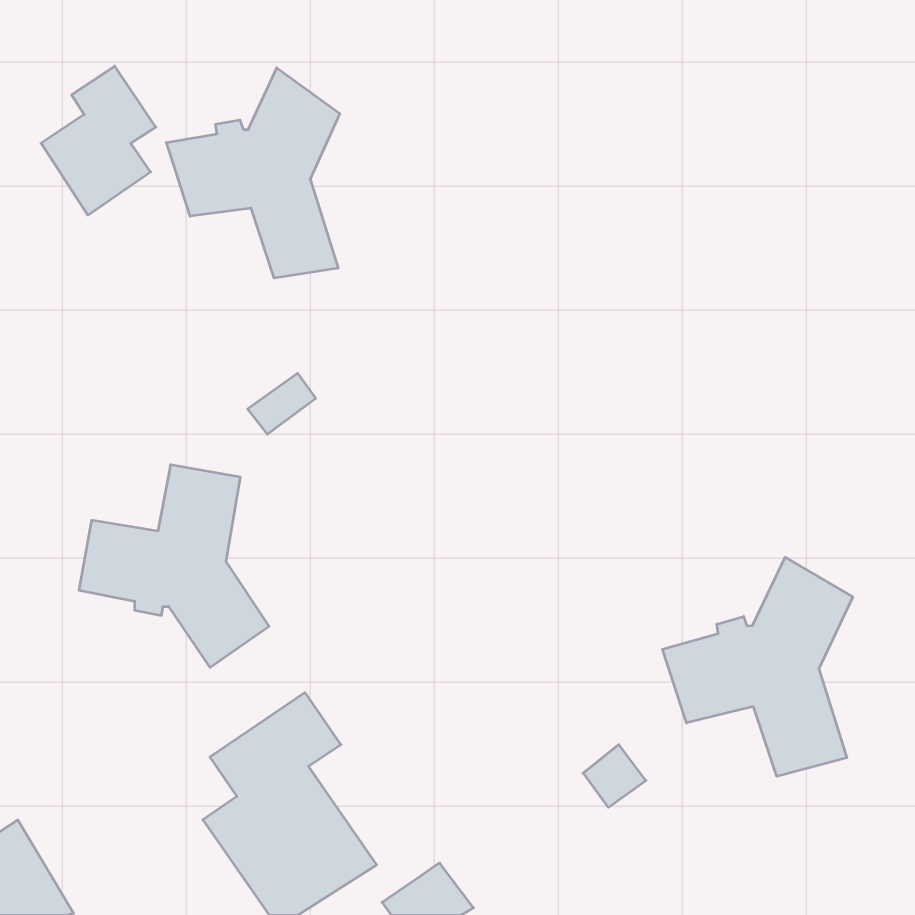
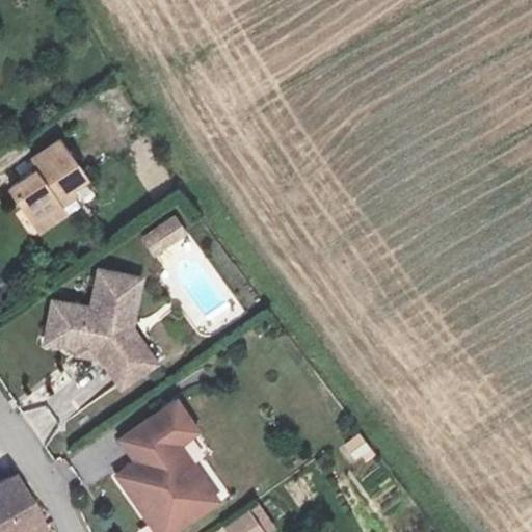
building: [41,66,156,215] -> [12,144,79,231]
building: [166,68,340,278] -> none
building: [663,557,853,776] -> none

